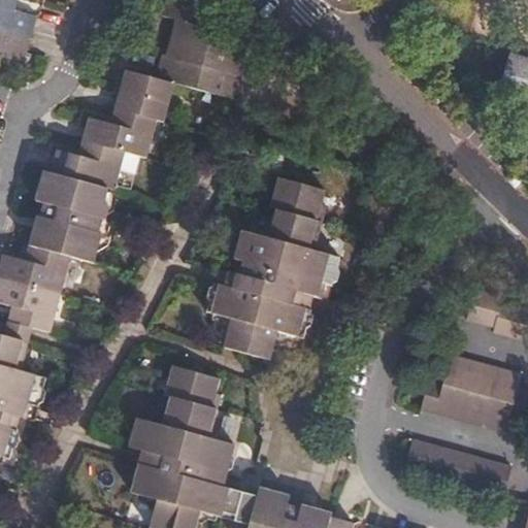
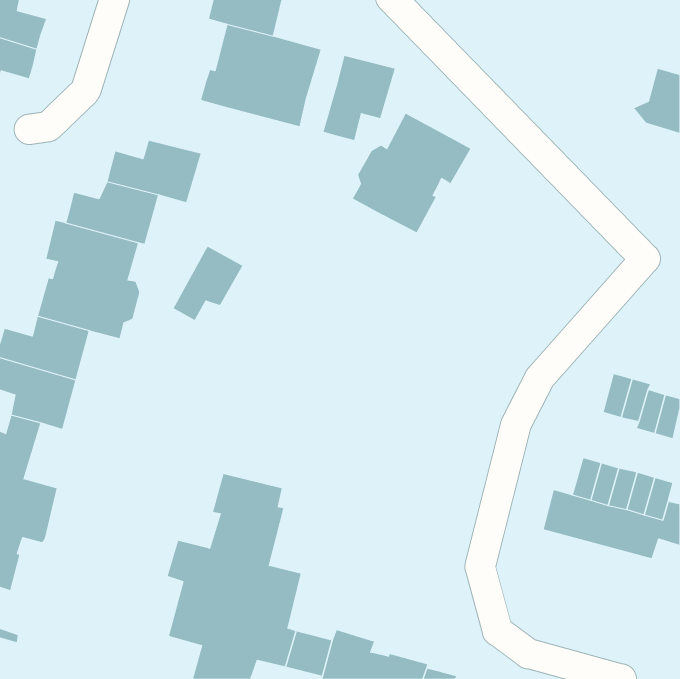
building: none -> [323,55,396,141]
building: [114,69,173,122] -> none
building: none -> [352,113,471,233]
building: [206,176,339,359] -> none
building: none -> [173,246,243,321]
building: [404,438,510,495] -> none

